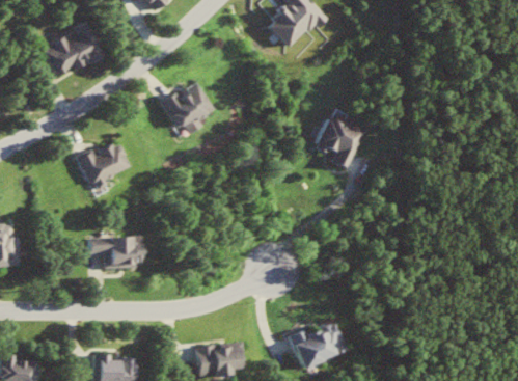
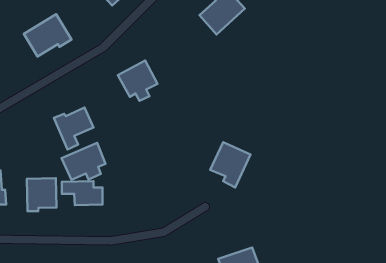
building: [312,111,364,169] -> [210,142,251,188]
building: none -> [62,143,106,180]
building: none -> [27,178,56,211]

